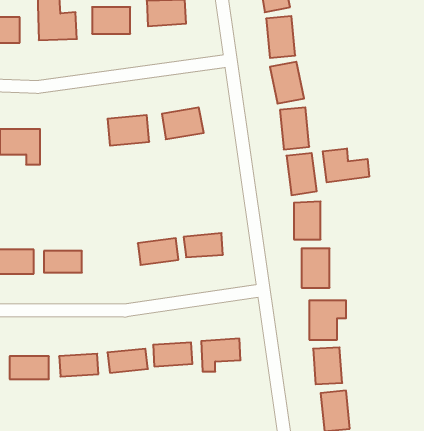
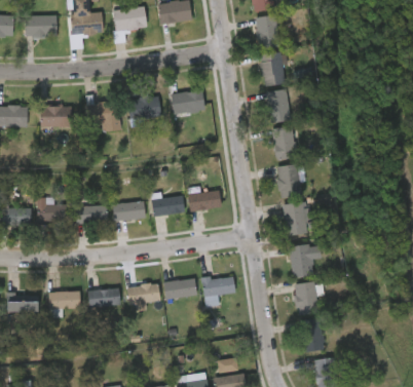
building: none -> [86,103,118,130]
building: [323,148,369,182] -> none
building: none -> [113,201,146,221]

